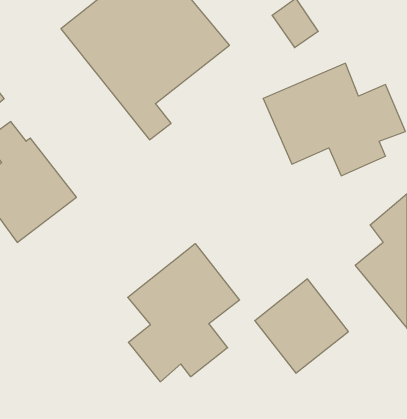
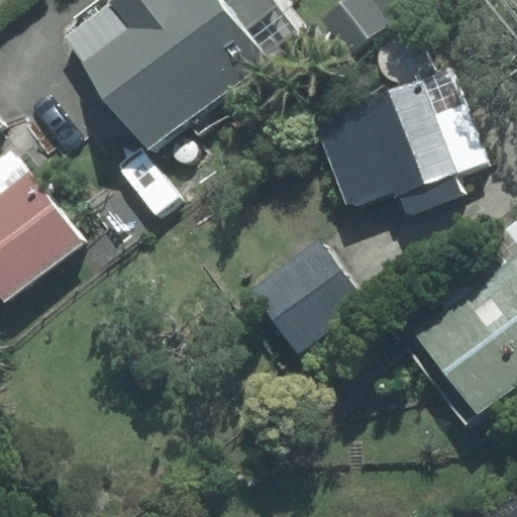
building: [128,244,240,382] -> none
building: [255,279,348,373] -> [256,237,372,353]

